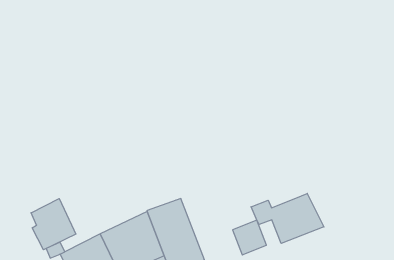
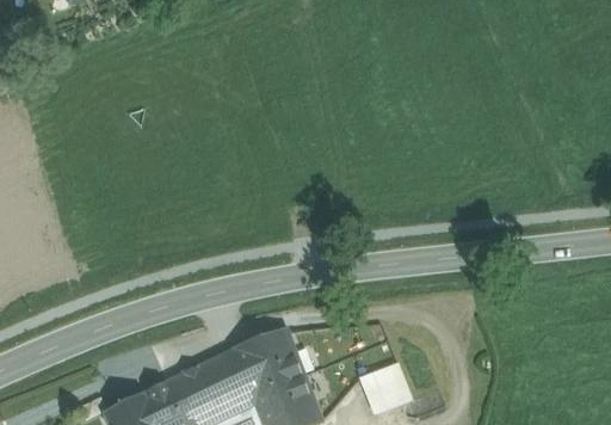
building: [251,193,324,243] -> none
building: [31,199,76,250] -> none

